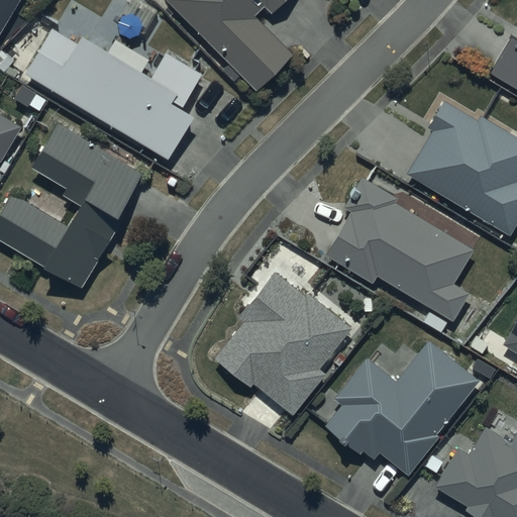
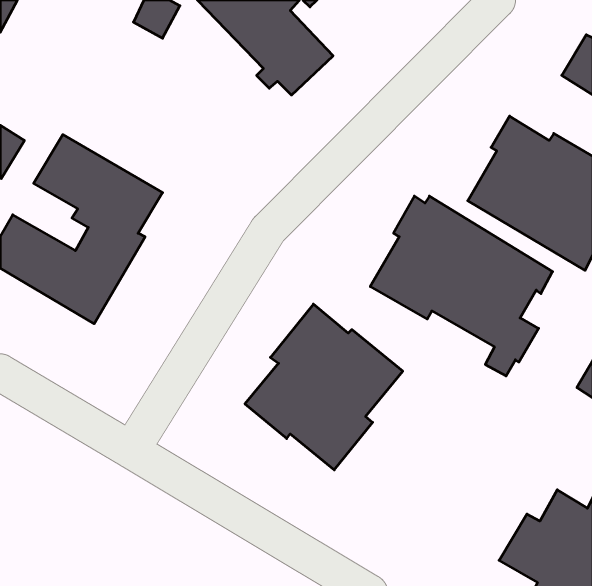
building: [27,28,202,159] -> none
building: [324,339,479,477] -> none

